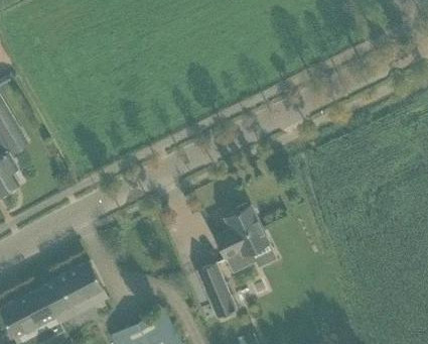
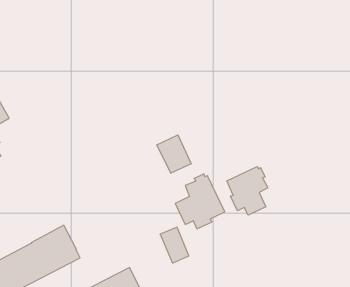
building: none -> [157,135,191,173]
building: none -> [227,167,268,215]

